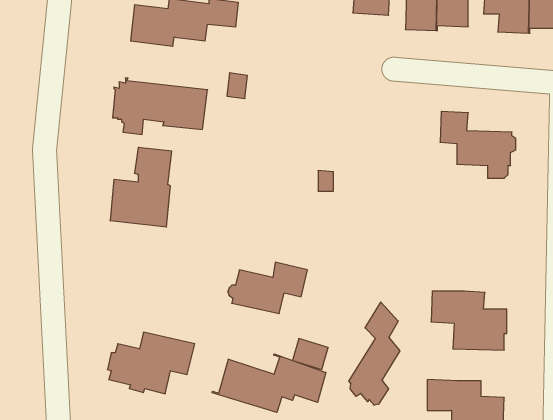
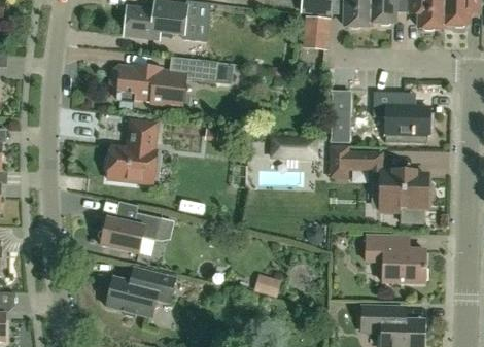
building: none -> [306,19,330,54]
building: none -> [331,90,350,141]
building: none -> [330,145,430,222]
building: [228,262,307,314] -> [97,211,161,252]
building: [349,302,400,405] -> none
building: [212,354,326,412] -> none

